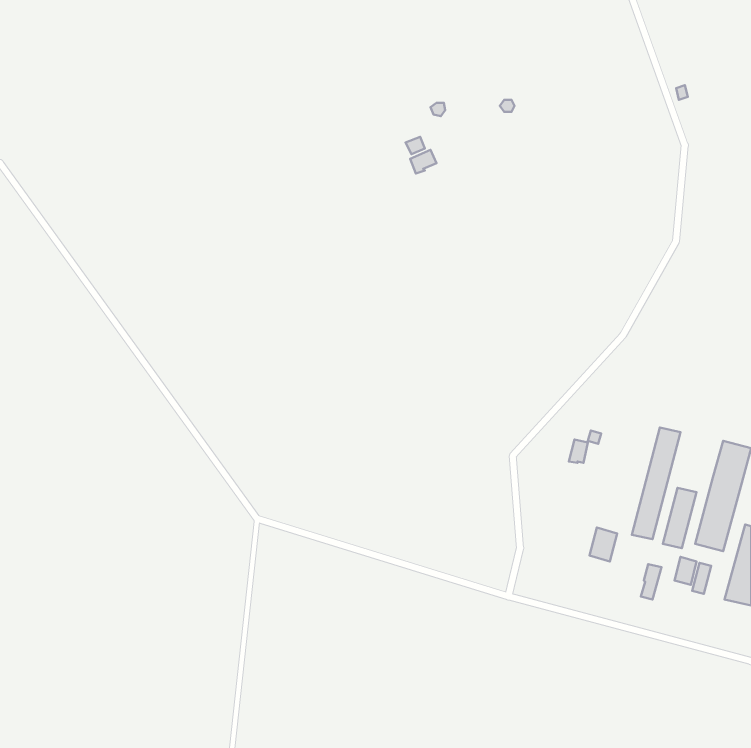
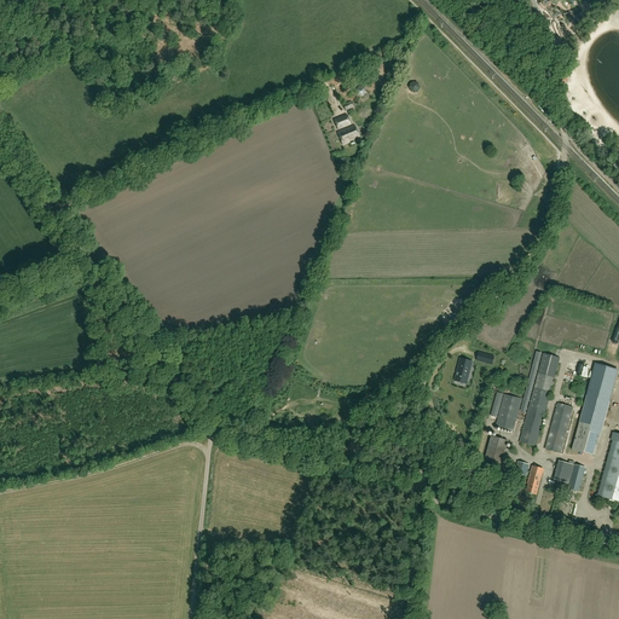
building: none -> [496,393,521,429]

